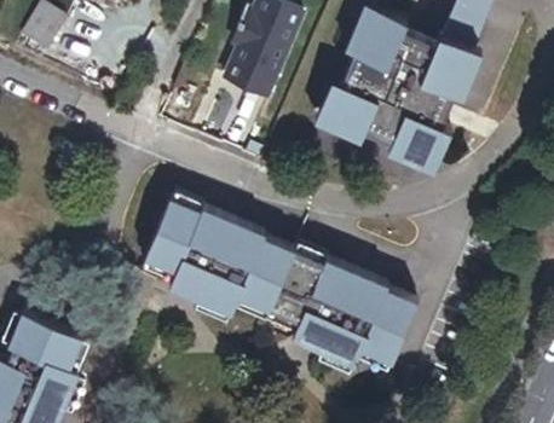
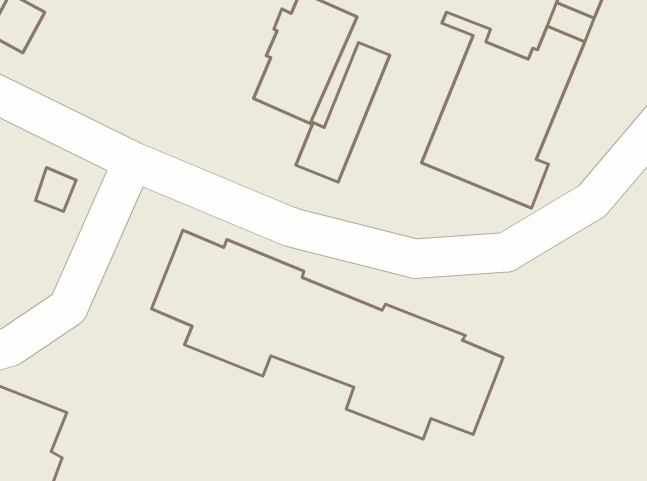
building: [316,34,388,141] -> [296,43,390,182]

